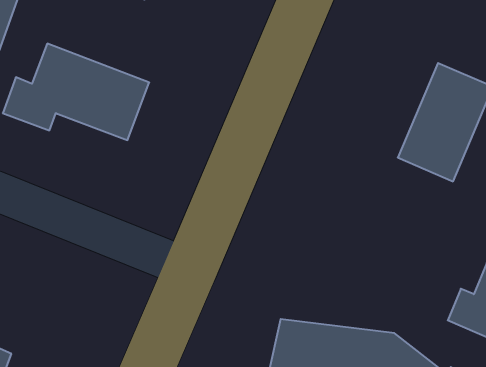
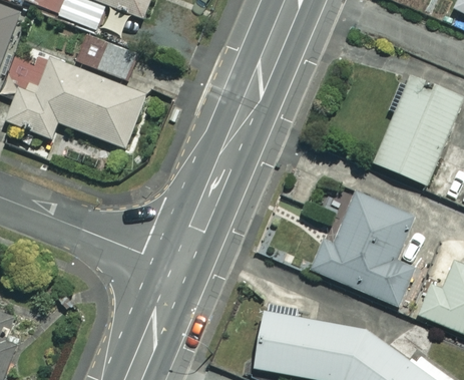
building: none -> [76,34,137,81]
building: none -> [310,191,416,307]

